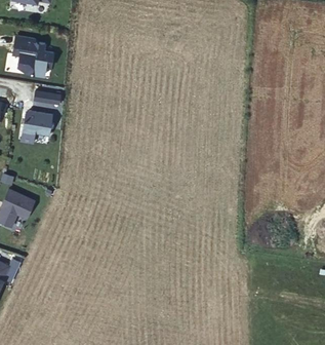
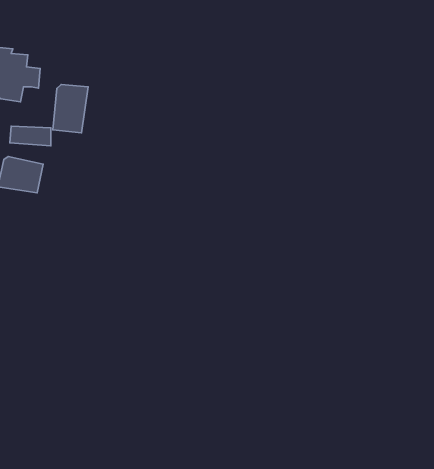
building: none -> [53,85,88,133]

